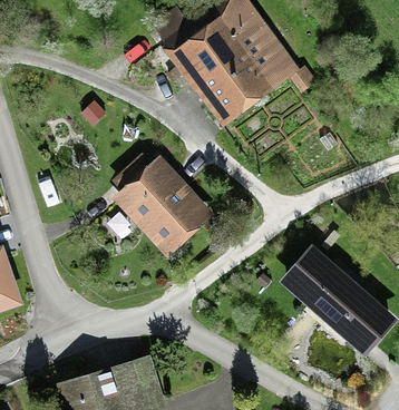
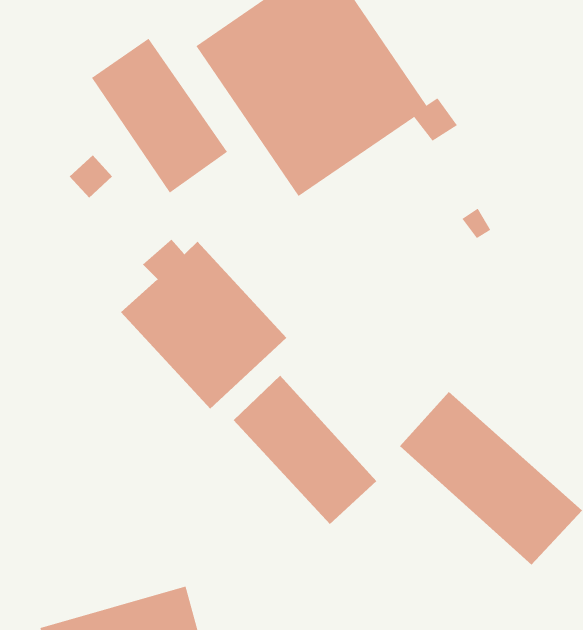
building: none -> [91,38,228,193]
building: none -> [233,375,377,525]

